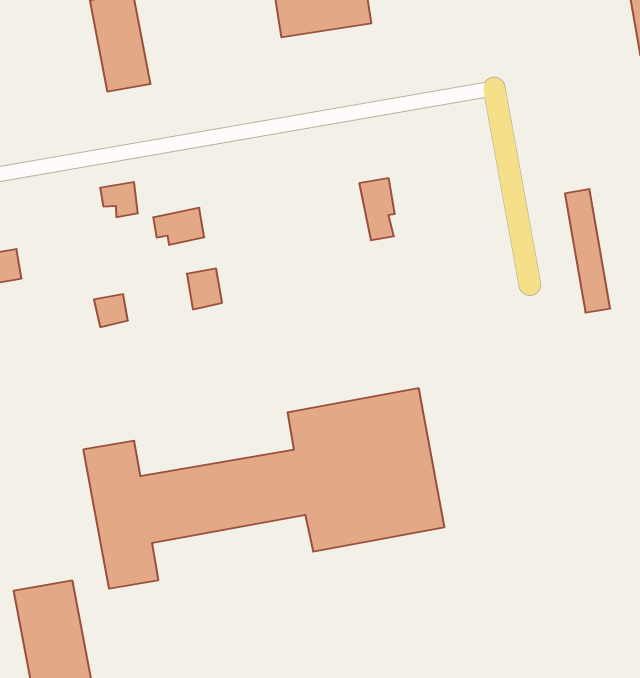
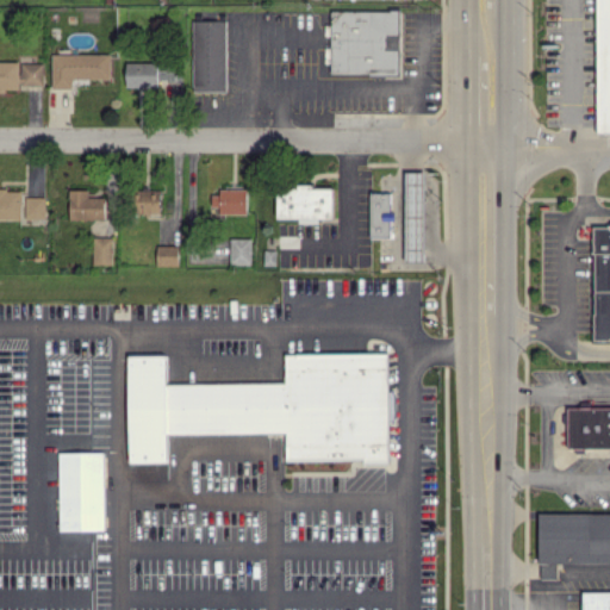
building: none -> [126,63,176,88]
building: [100,182,138,217] -> [135,191,161,214]
building: none -> [278,187,335,224]
building: [565,189,610,313] -> [405,172,424,263]
building: none -> [93,237,113,264]

